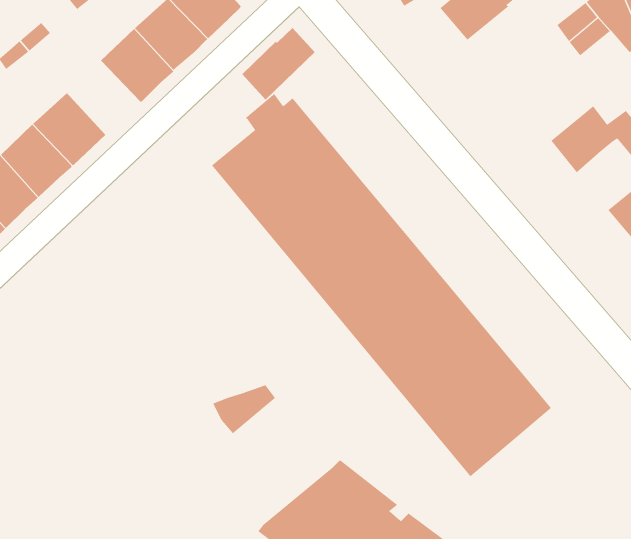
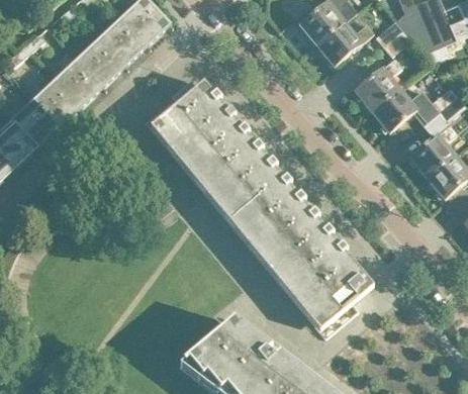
building: none -> [317,23,374,66]
building: [241,27,316,100] -> none
building: none -> [55,59,103,107]
building: none -> [355,59,401,111]
building: [213,385,276,438] -> none

